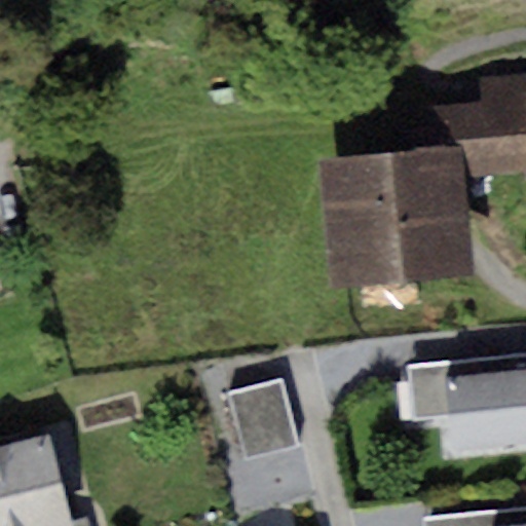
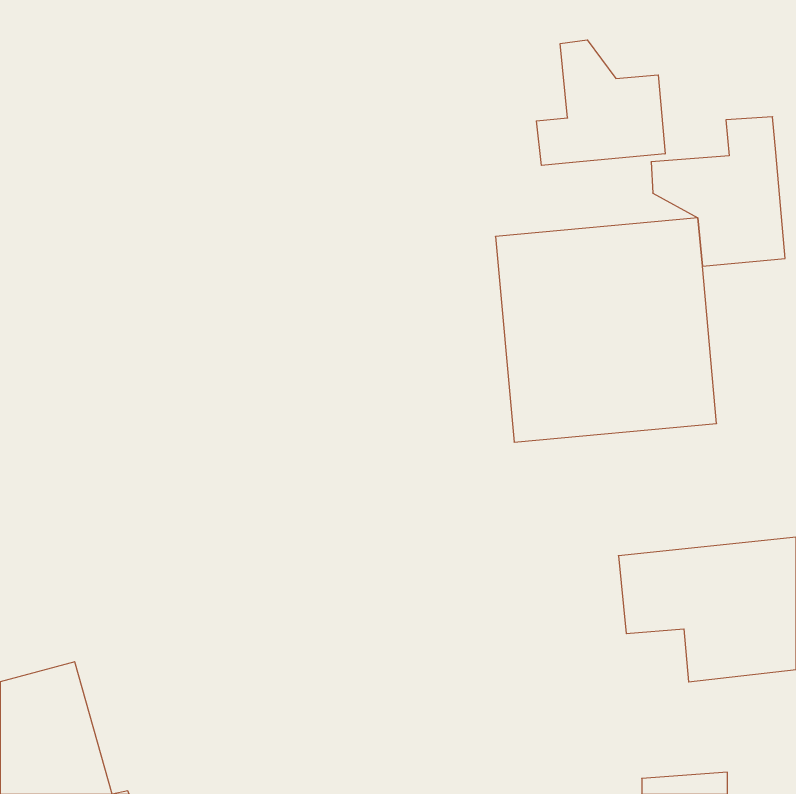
building: none -> [536,40,665,165]
building: [227,379,297,464] -> none

